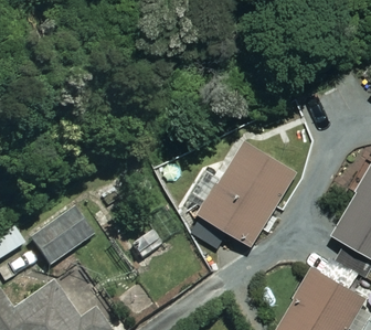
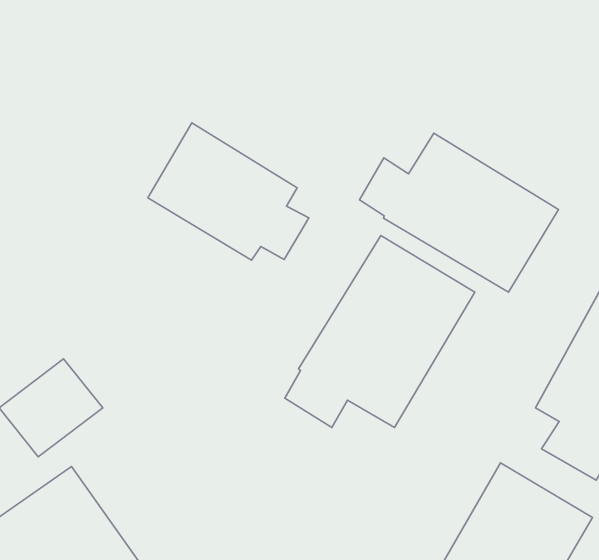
building: none -> [148,123,309,260]
building: none -> [359,133,558,292]

